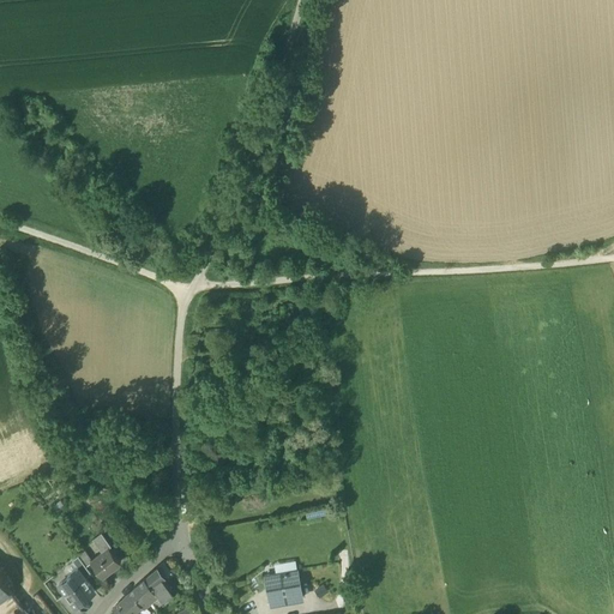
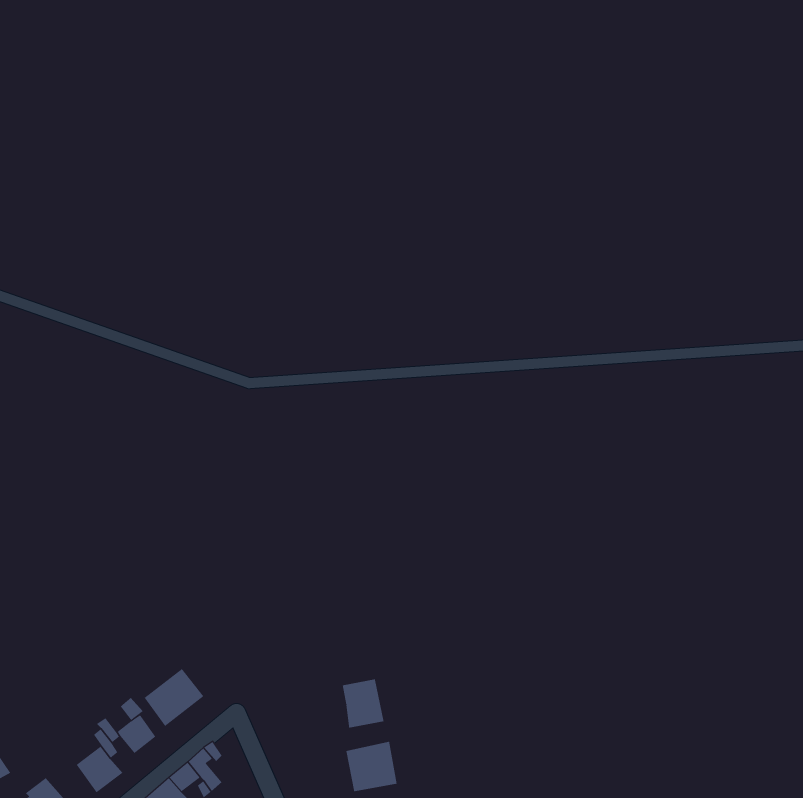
building: none -> [144,668,204,727]
building: none -> [342,678,384,728]

